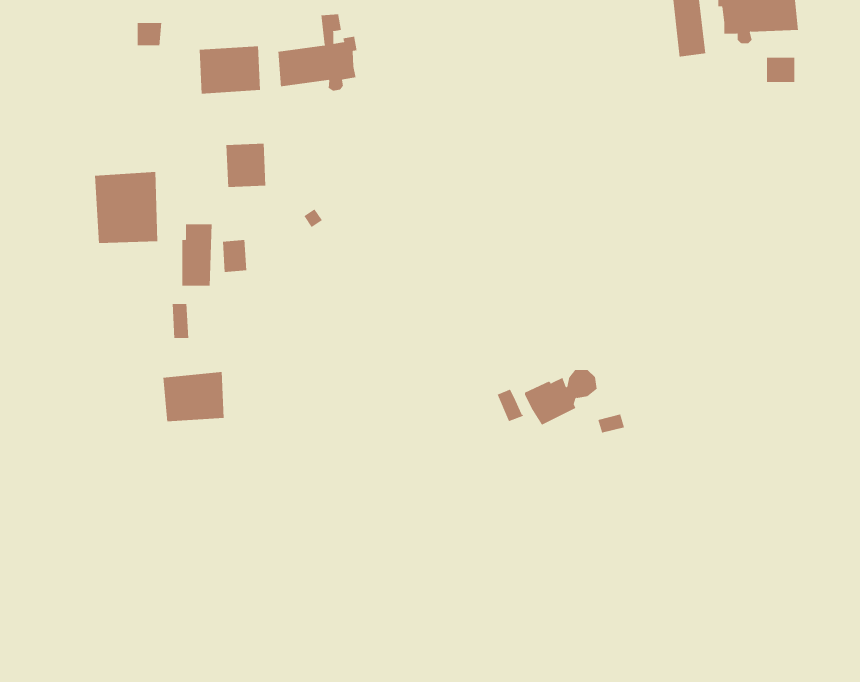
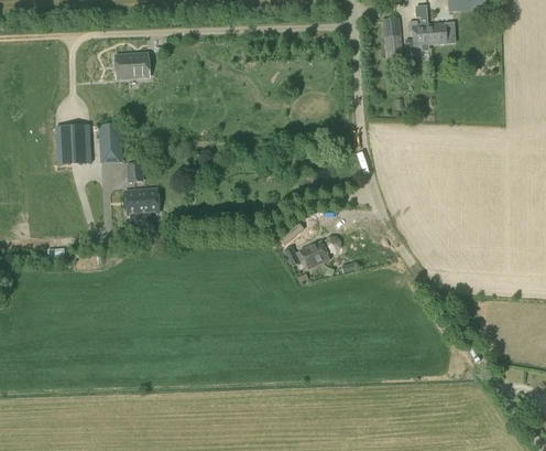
building: [278,14,357,91] -> none
building: [226,143,266,188] -> [98,122,121,148]
building: [162,372,224,422] -> [124,186,160,215]

